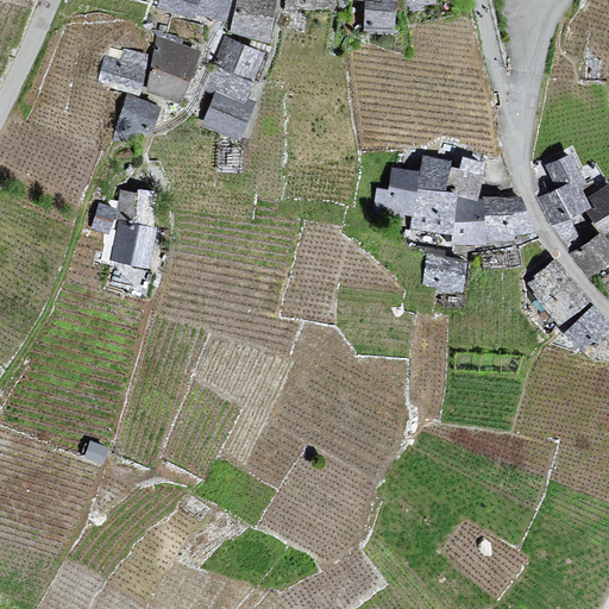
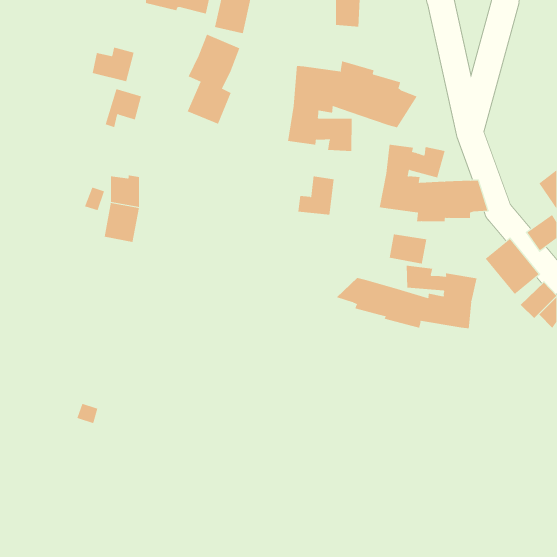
building: [146,40,197,99] -> none
building: none -> [287,61,417,152]
building: [539,153,584,243] -> none
building: [376,168,416,211] -> [297,176,335,215]
building: none -> [336,265,477,329]

